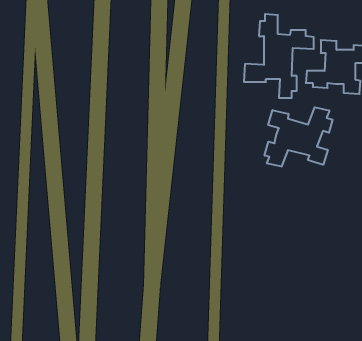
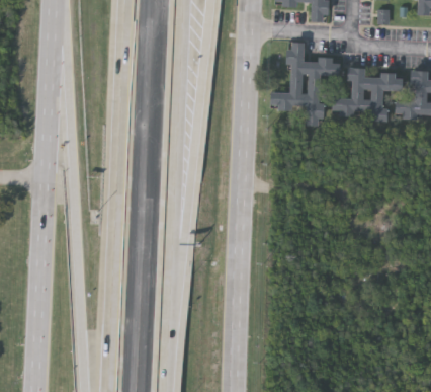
building: [265,107,333,167] -> none

